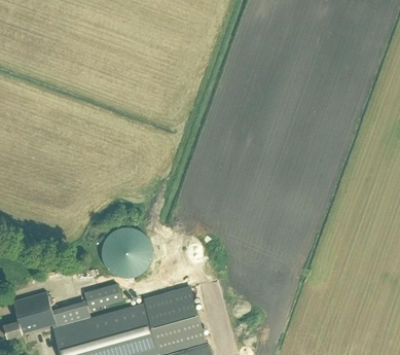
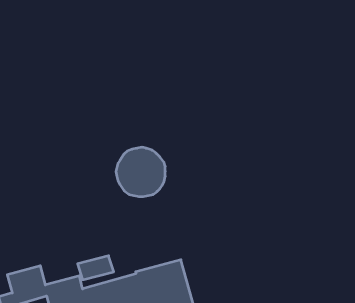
building: [101,226,151,277] -> [116,147,165,197]

